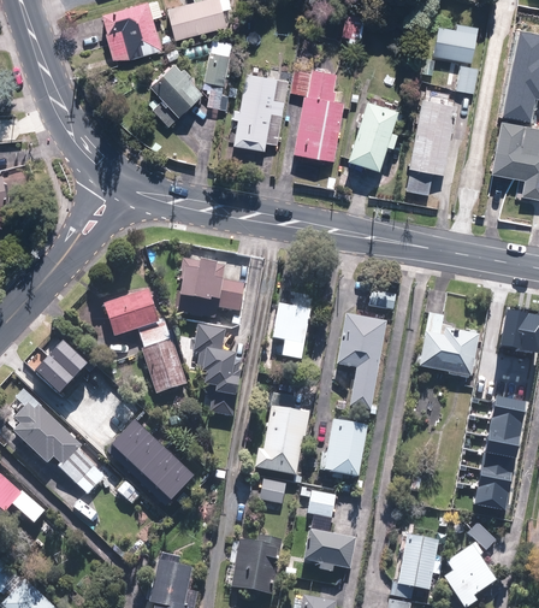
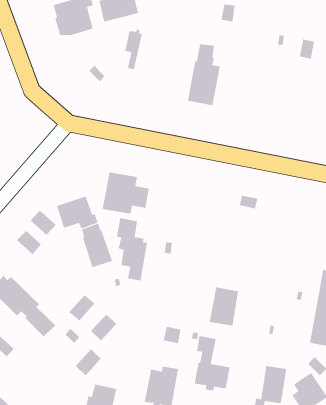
building: [434,26,476,61] -> none
building: [152,64,203,116] -> none
building: [233,73,286,150] -> none
building: [411,99,458,195] -> none
building: [351,101,401,170] -> none
building: [274,297,313,359] -> none
building: [417,313,479,377] -> none
building: [338,314,387,411] -> none
building: [34,354,72,391] -> [30,210,57,236]
building: [256,394,310,476] -> none
building: [108,418,147,458] -> none
building: [140,445,178,485] -> [75,349,102,376]

